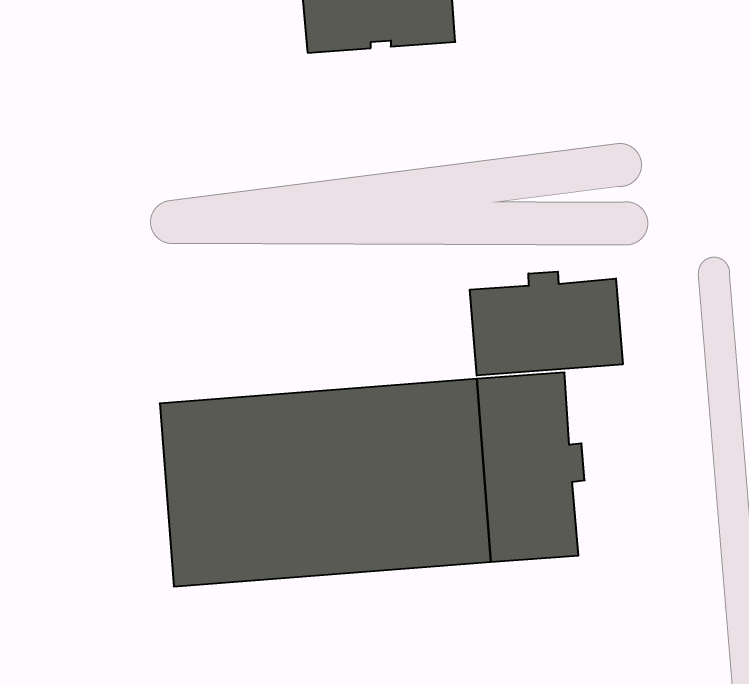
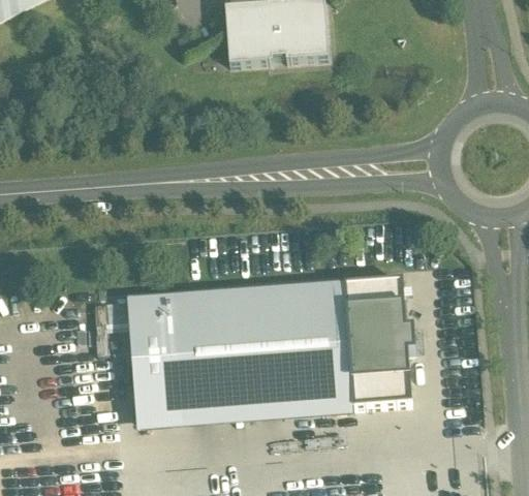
building: [470,272,623,376] -> none

